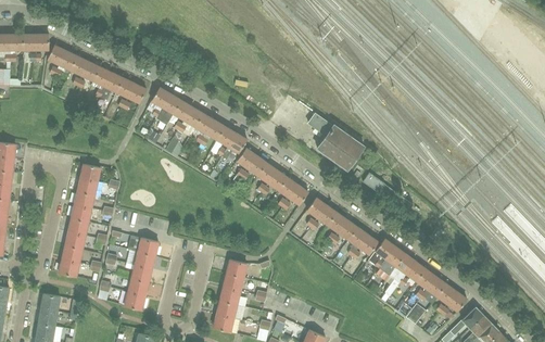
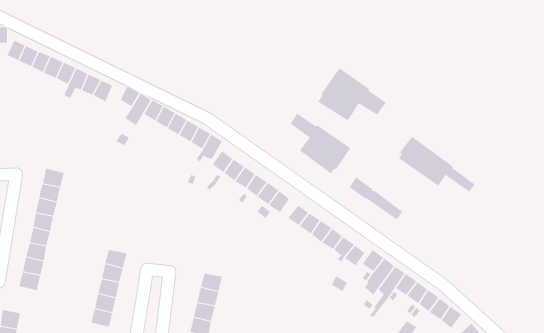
building: none -> [318,67,386,121]
building: none -> [398,136,476,192]

